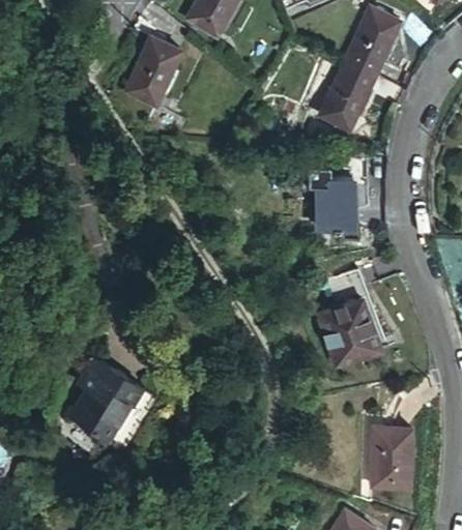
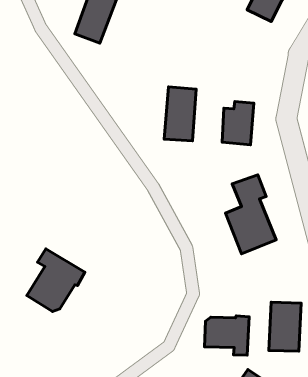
building: [318,63,375,130] -> none
building: none -> [164,87,196,141]
building: none -> [204,316,249,355]

